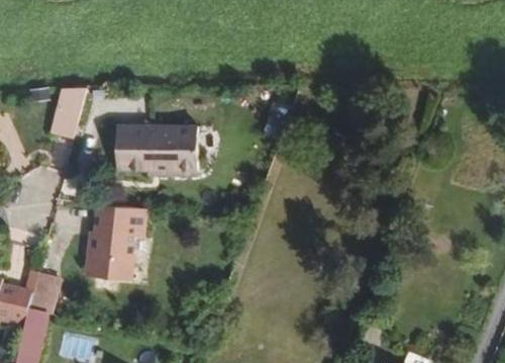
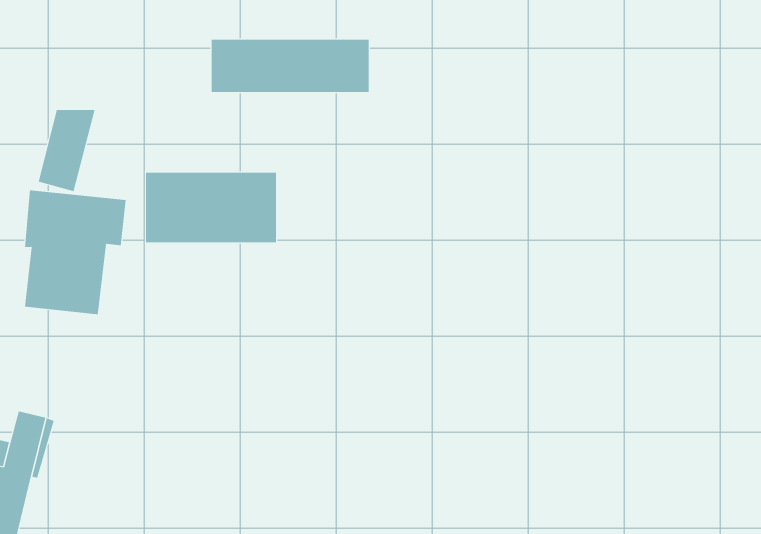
building: none -> [211,39,369,93]
building: [92,203,155,280] -> [24,190,126,315]

